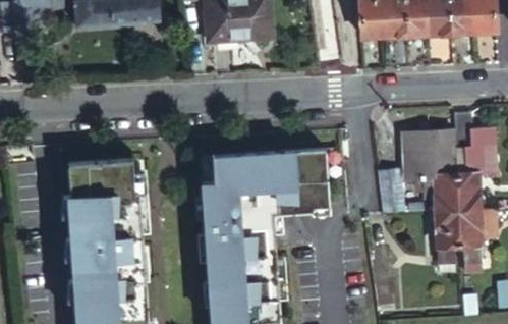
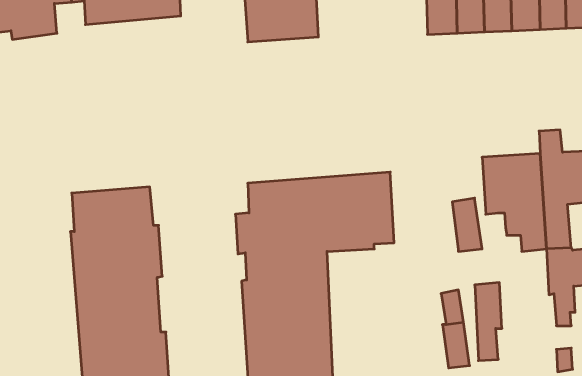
building: [436,213,458,277] -> [475,283,502,361]

